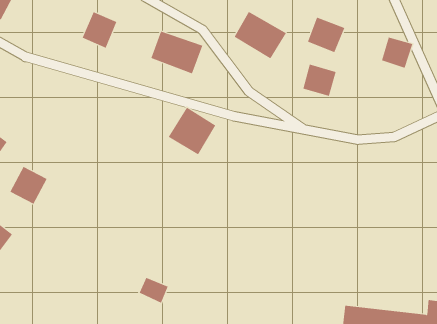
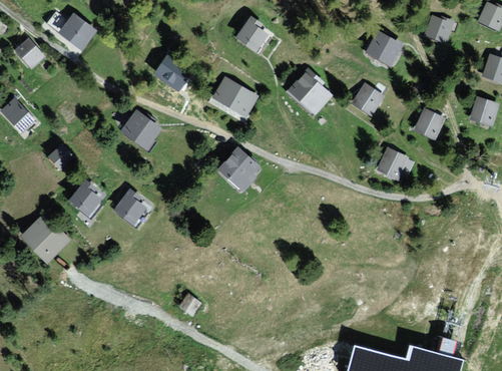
building: [302,64,336,96] -> [372,148,404,179]
building: none -> [121,109,164,150]
building: none -> [114,189,154,230]

